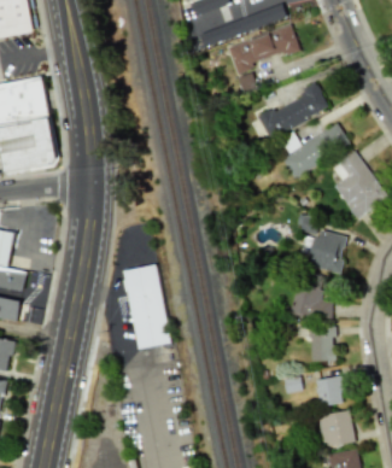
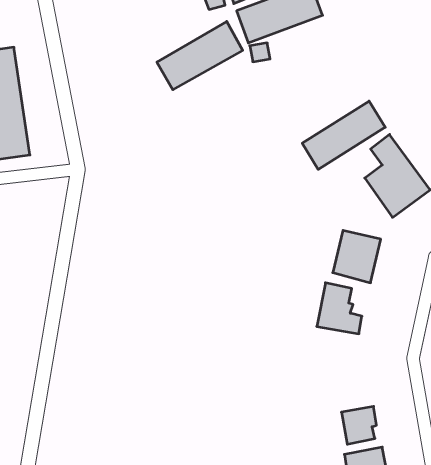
building: [257,82,328,139] -> [157,21,243,90]
building: [124,264,169,347] -> none
building: [309,326,337,362] -> none

